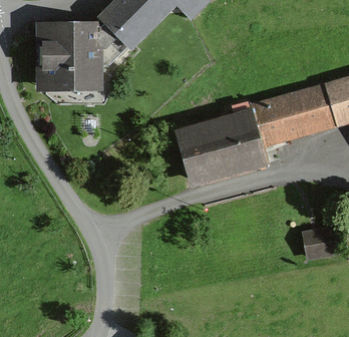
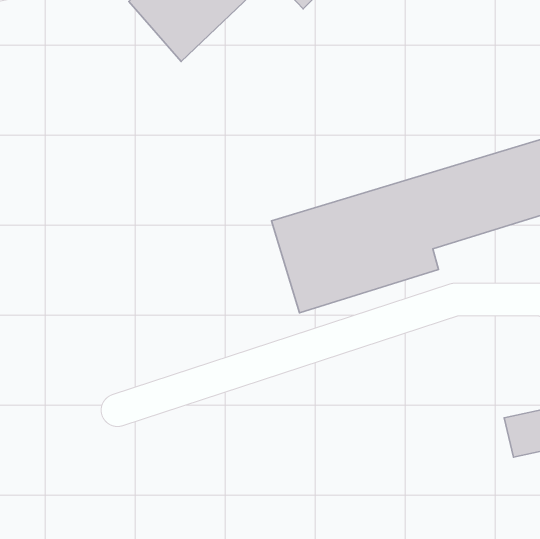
building: [42,26,96,90] -> none

